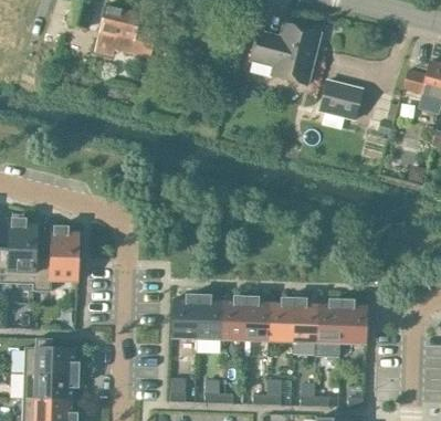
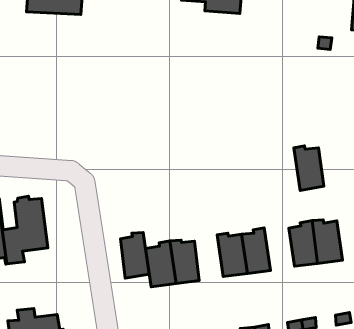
building: [321,80,363,118] -> none
building: [221,296,246,339] -> [121,233,149,278]
building: [293,298,318,341] -> [294,146,324,190]

